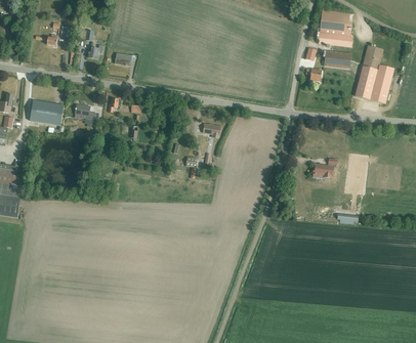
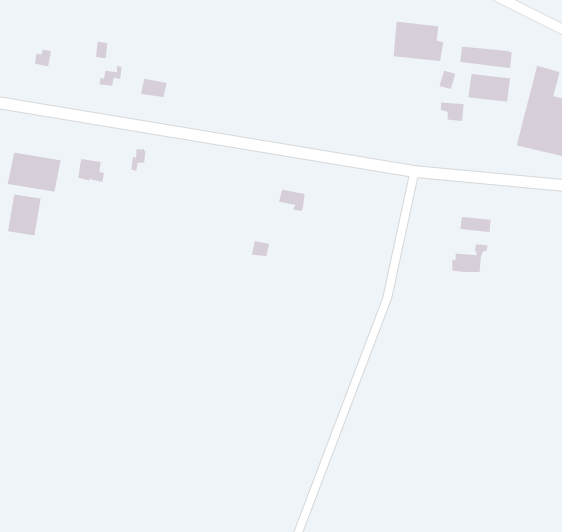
building: [319,9,351,35] -> [393,21,444,61]
building: none -> [8,194,41,236]

